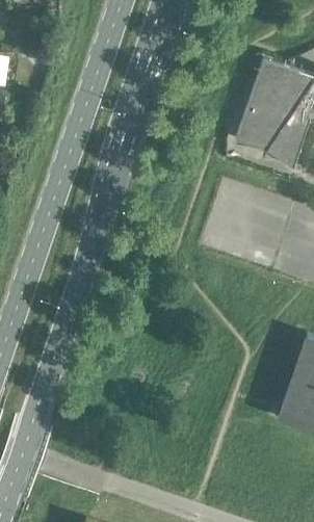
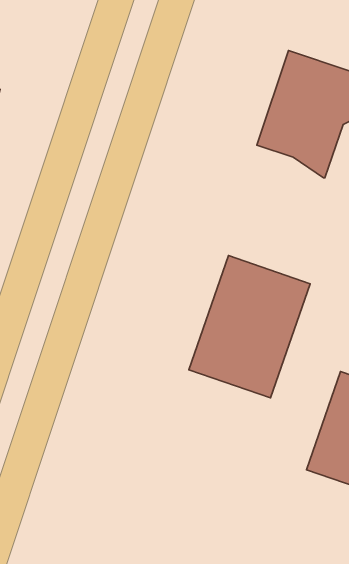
building: none -> [189,255,310,398]

